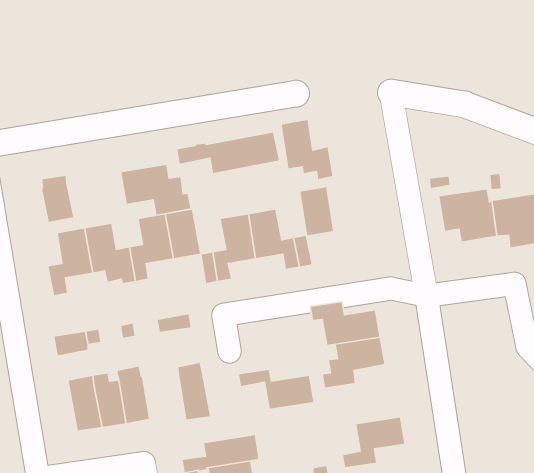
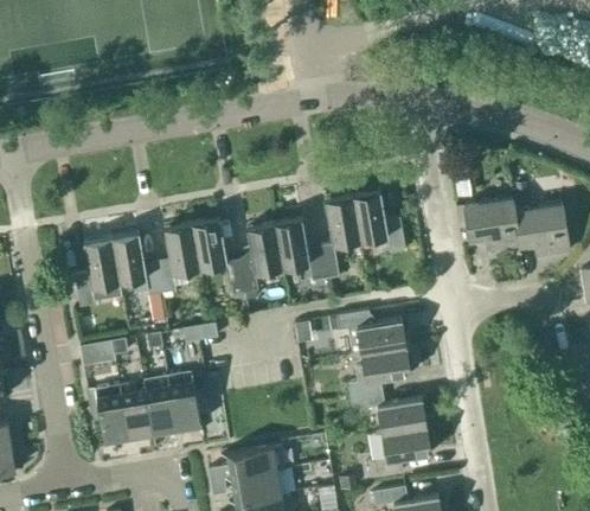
building: [281,119,333,180] -> [352,191,404,251]
building: [177,132,280,174] -> none
building: [120,164,191,215] -> none
building: [41,175,74,222] -> none
building: [177,362,211,420] -> [167,370,200,428]
building: [238,369,314,410] -> [349,392,425,433]

